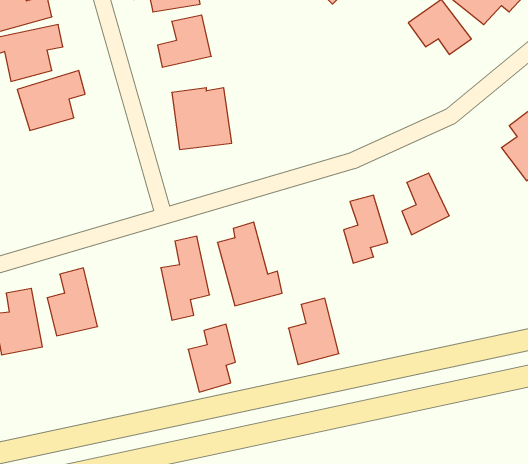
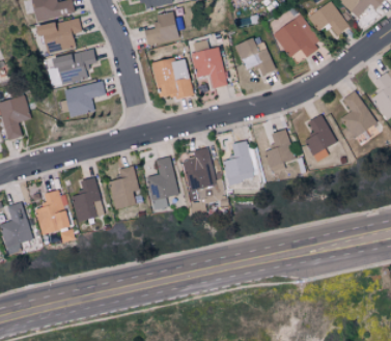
building: none -> [274,13,323,57]
building: none -> [234,37,276,75]
building: none -> [192,48,226,87]
building: none -> [64,81,106,116]
building: none -> [341,90,375,137]
building: [288,298,339,365] -> [223,140,256,183]
building: [188,324,235,392] -> [108,165,139,209]

